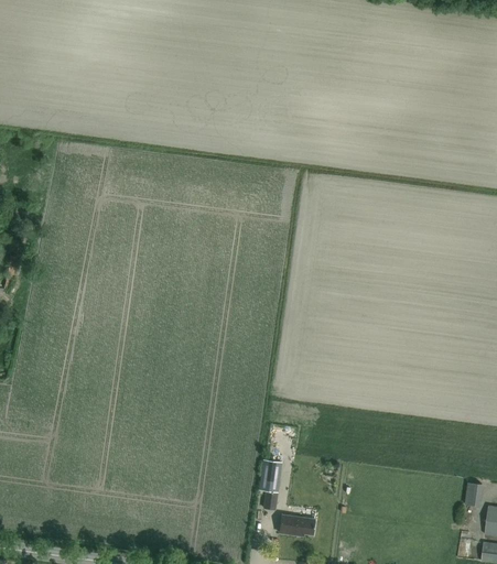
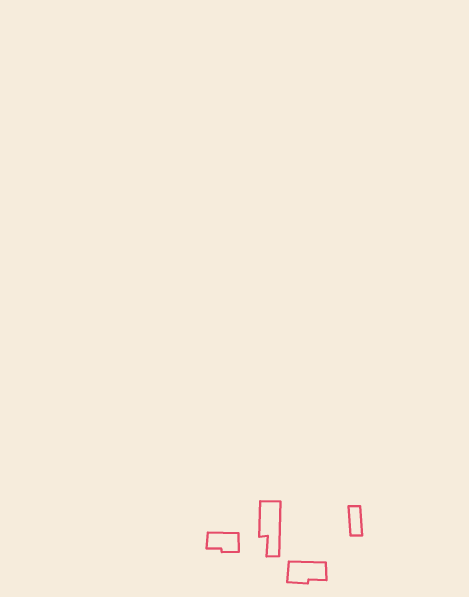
building: none -> [206,532,239,552]

